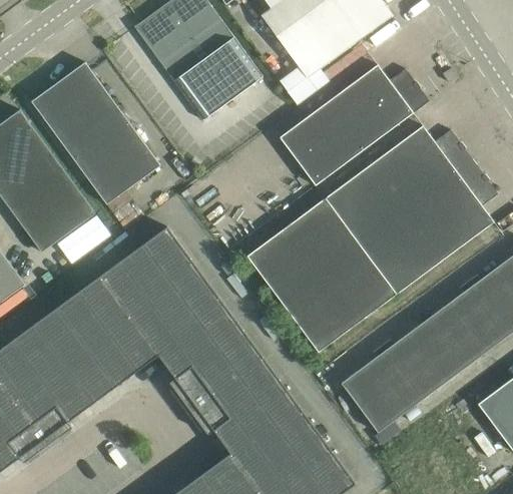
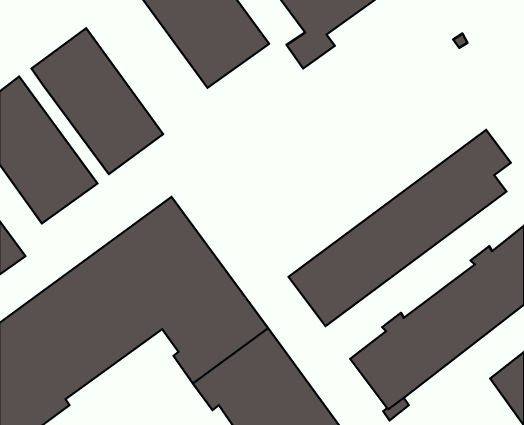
building: [279,64,429,185] -> none
building: [245,125,474,305] -> none

